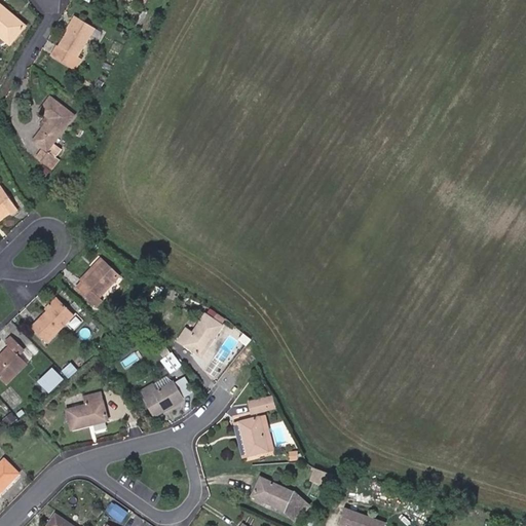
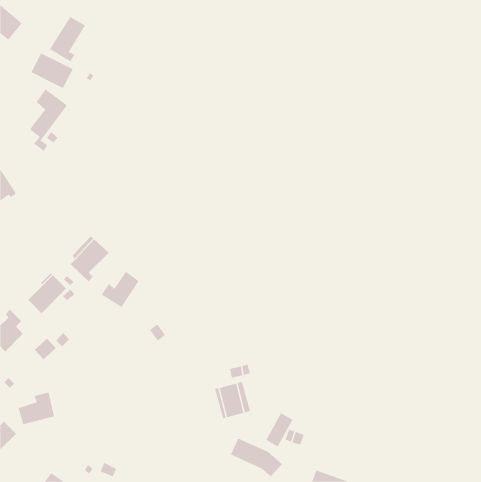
building: none -> [31,52,73,89]
building: [178,314,220,354] -> [101,271,140,308]
building: [140,381,182,414] -> none
building: [66,392,106,428] -> [18,392,55,425]
building: none -> [265,412,293,447]

